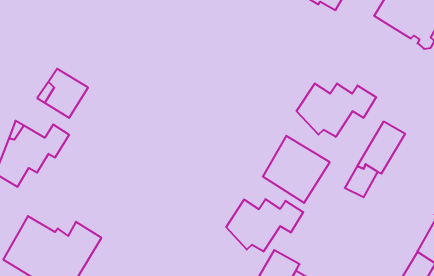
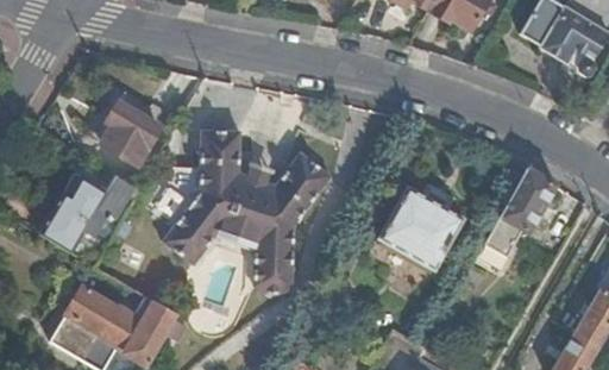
building: [297,83,376,137] -> none
building: none -> [167,128,331,289]
building: [226,199,303,252] -> none

